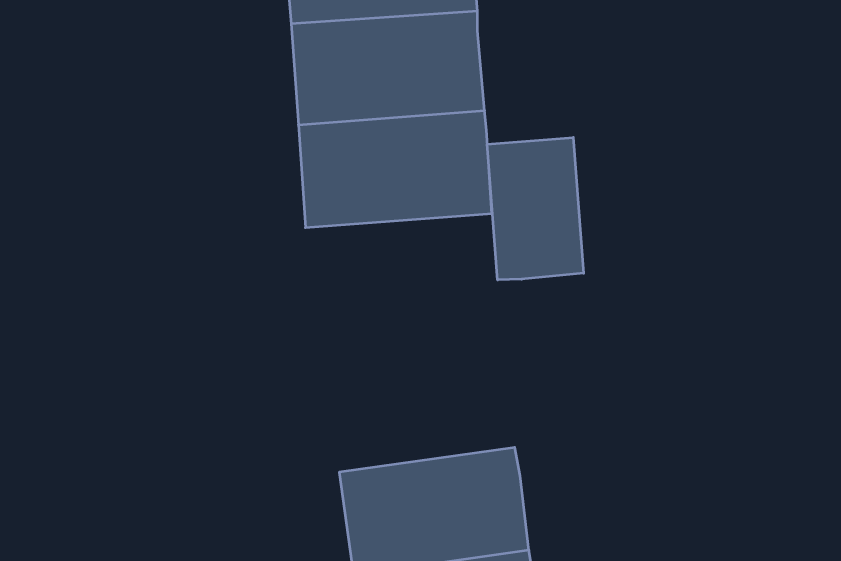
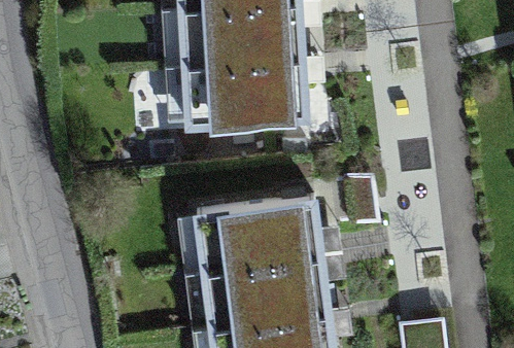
building: [487,137,584,280] -> none
building: none -> [206,205,316,277]

